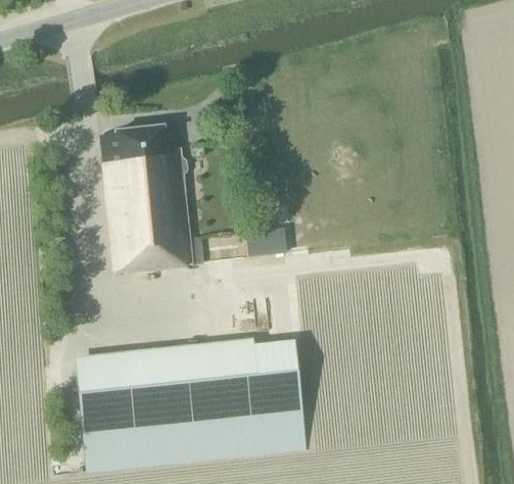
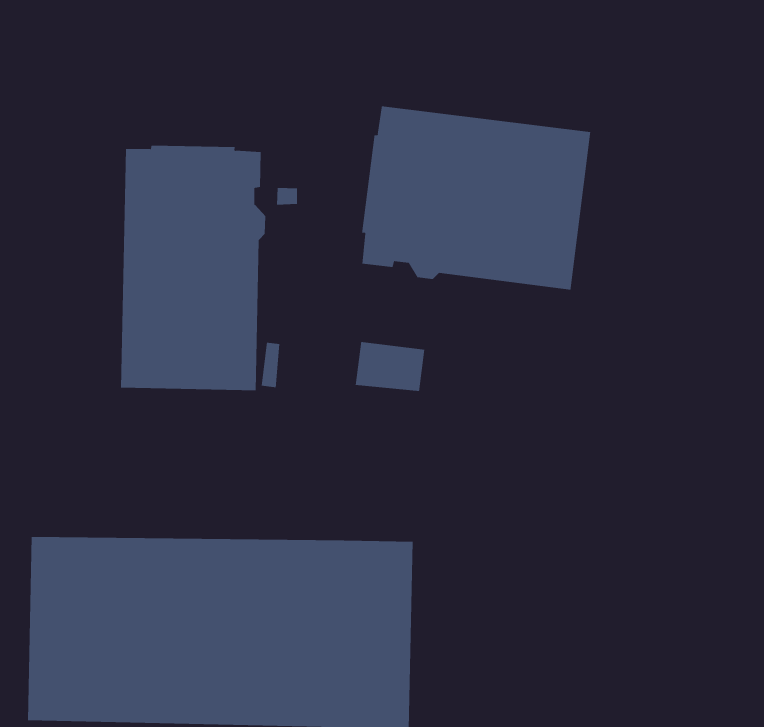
building: none -> [362,105,591,290]

